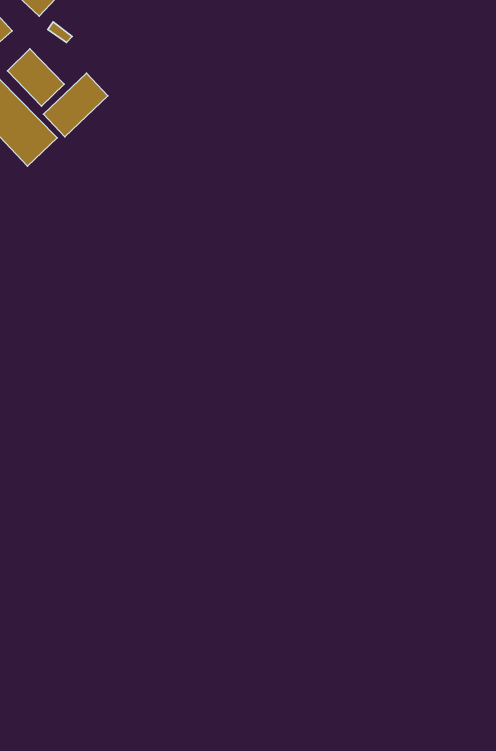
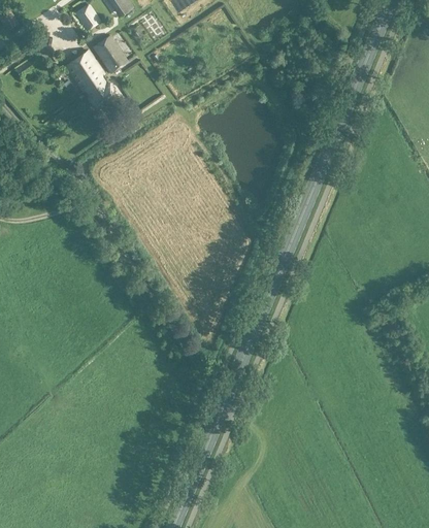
building: [43,73,108,137] -> none

